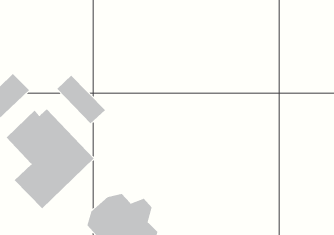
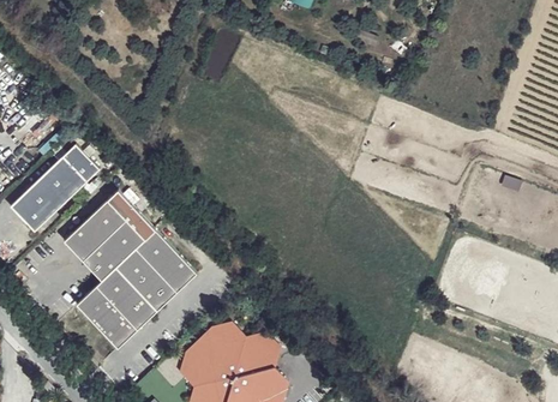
building: [57,75,106,124] -> none

